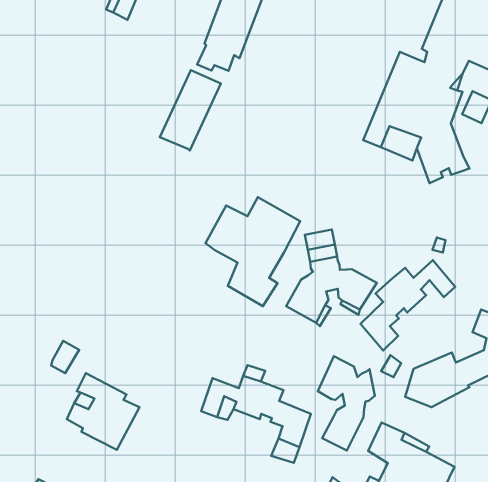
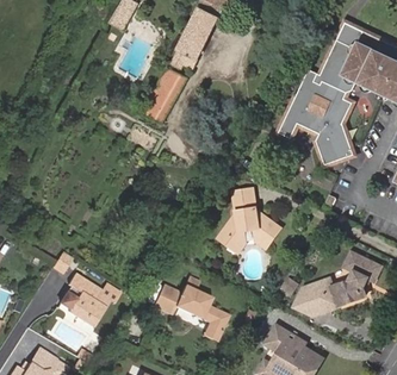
building: [205,197,300,306] -> none
building: [361,260,455,351] -> none
building: [318,356,375,451] -> none

